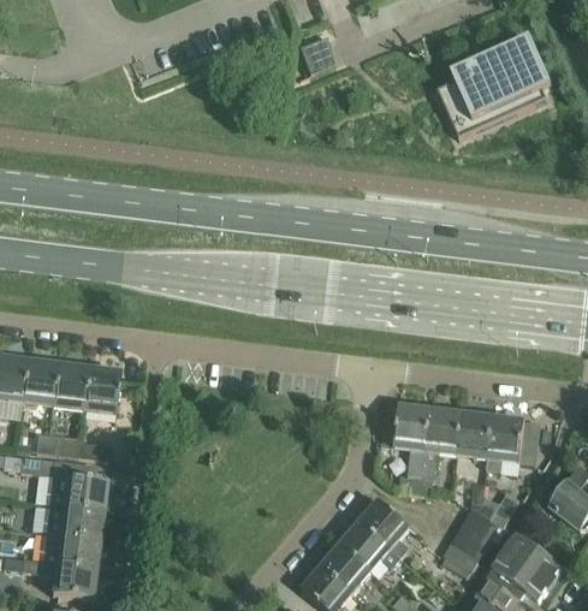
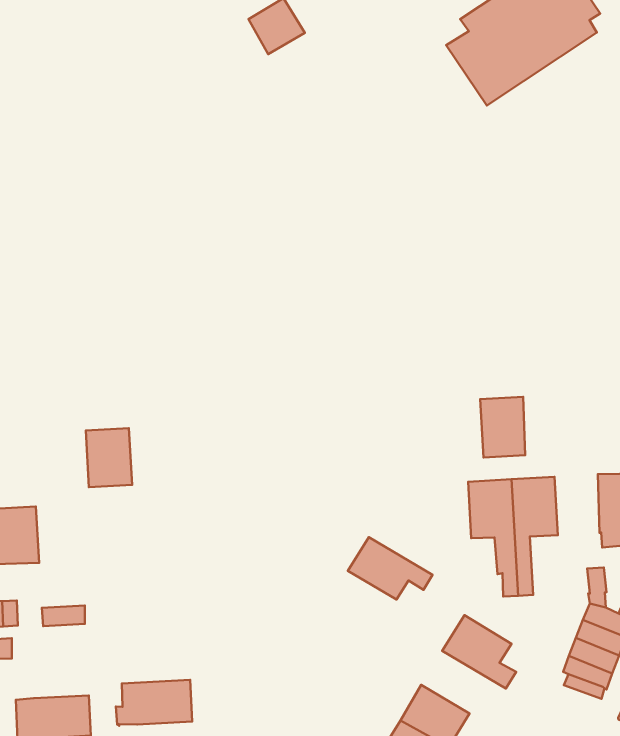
building: [82,367,118,411] -> [86,428,132,487]
building: [457,410,493,456] -> [480,397,525,457]
building: [47,473,105,509] -> [116,680,192,726]
building: [340,521,400,569] -> [348,537,433,599]

